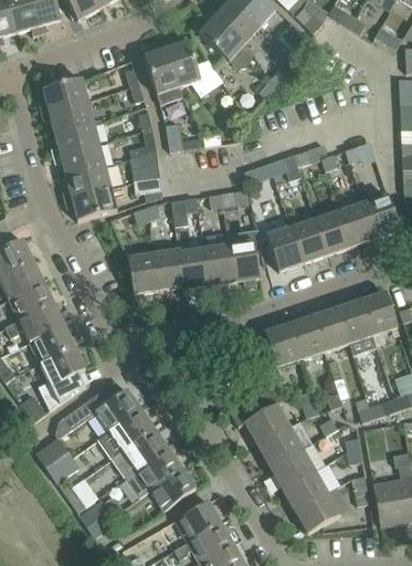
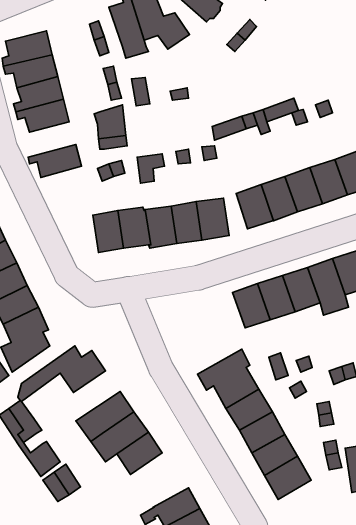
building: [63,166,112,200] -> none
building: [98,408,155,457] -> none
building: [175,501,221,541] -> none

